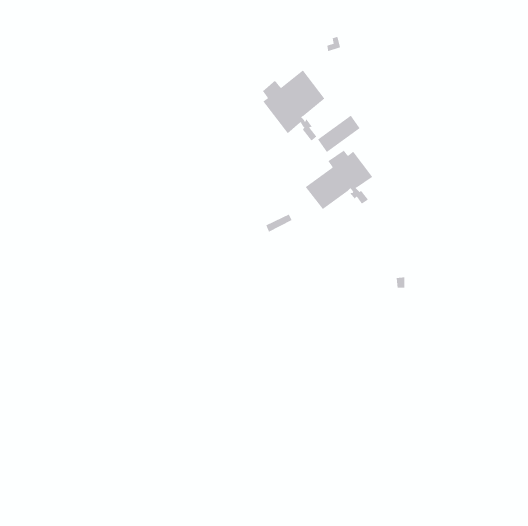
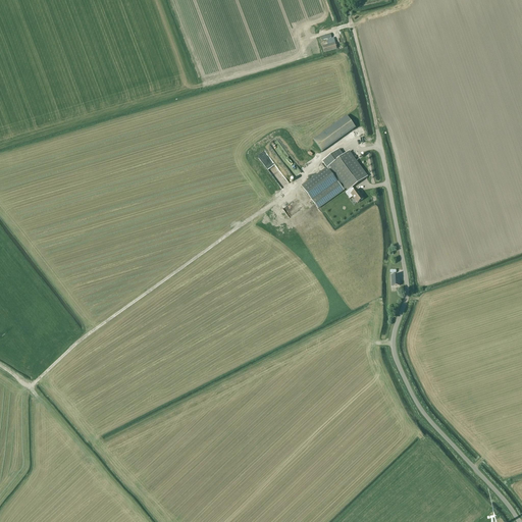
building: [262,69,325,142] -> none

